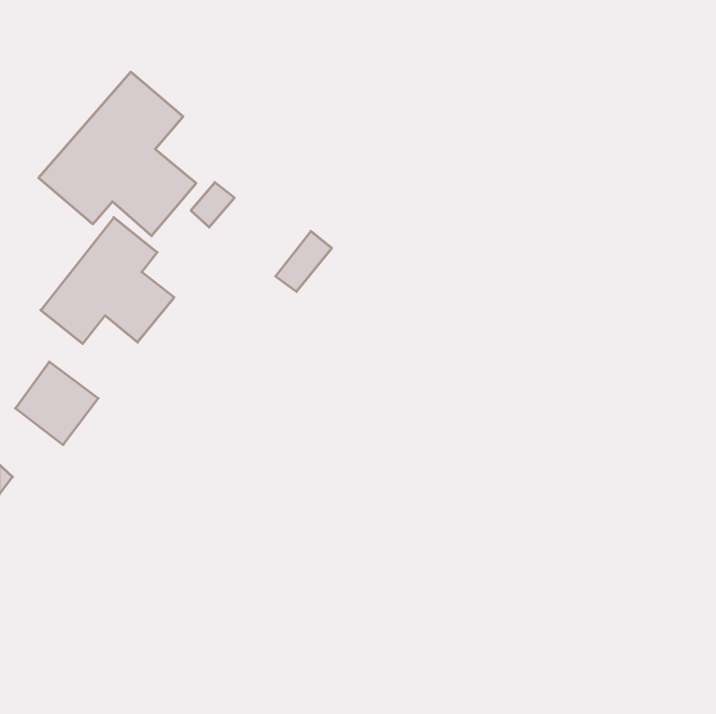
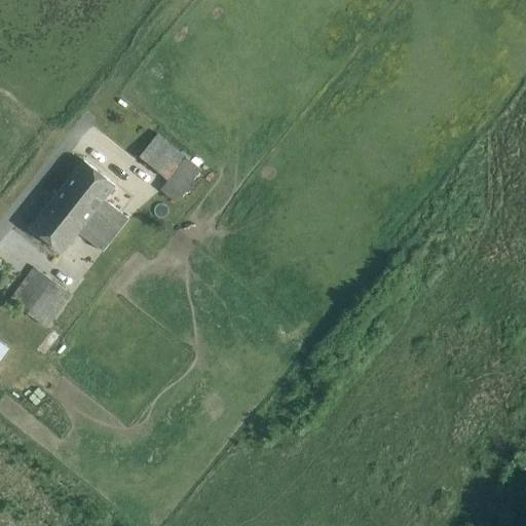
building: [39,72,196,236] -> none
building: [276,231,332,292] -> [159,158,200,202]

